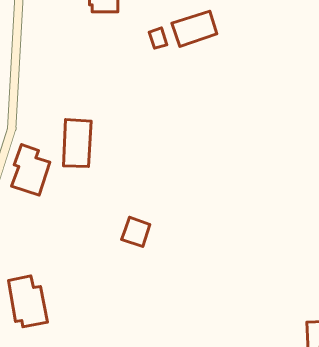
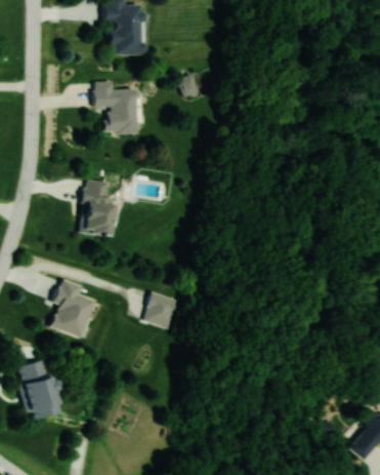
building: [172,11,217,46] -> none
building: none -> [94,82,137,133]
building: [12,144,50,195] -> [50,279,94,338]

